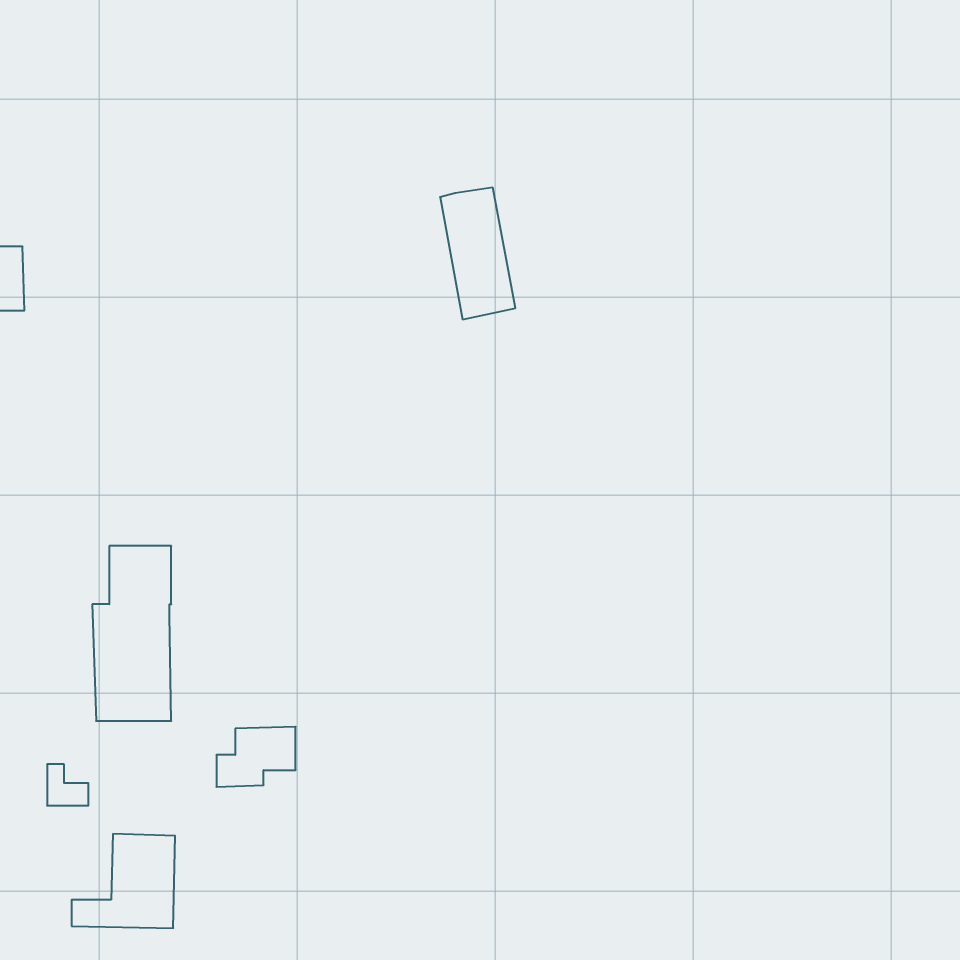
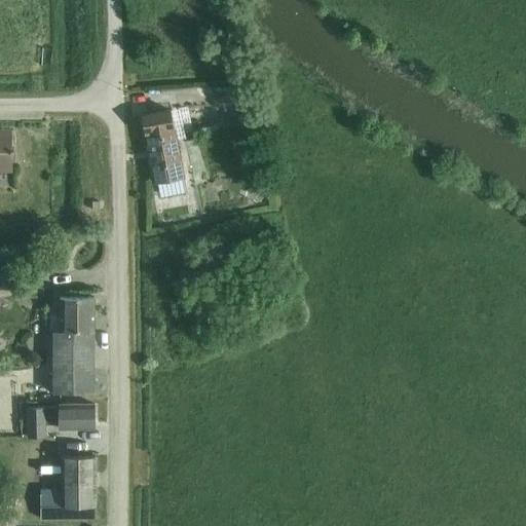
building: [440,188,515,319] -> [143,109,184,181]
building: [216,727,296,787] -> [51,405,95,438]

